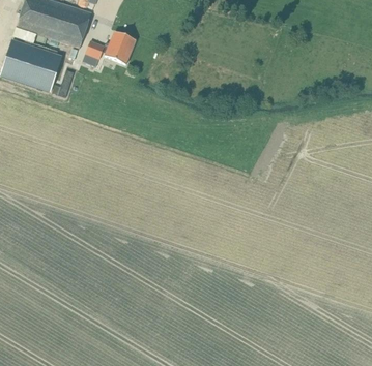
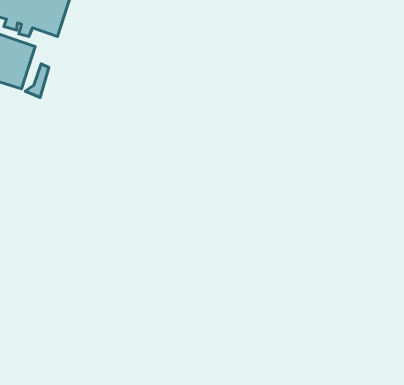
building: [86,30,136,62] -> none

